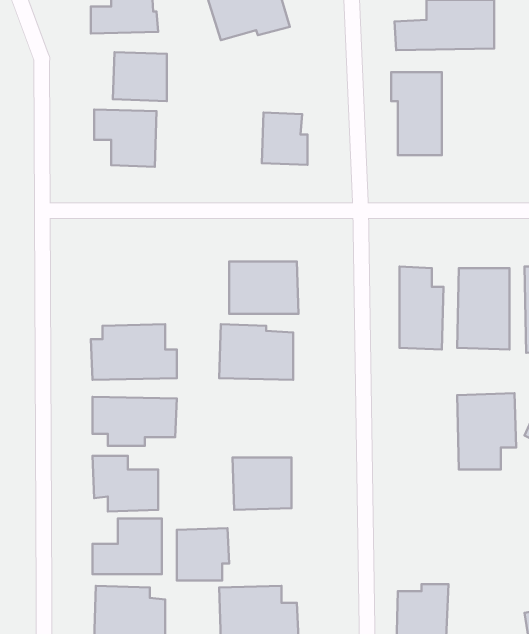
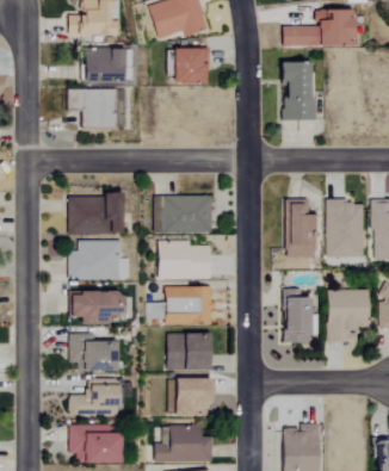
building: [262,112,307,165] -> [174,47,206,83]
building: none -> [68,194,122,234]
building: none -> [166,286,214,326]
building: none -> [284,290,311,343]
building: [177,528,229,580] -> [174,378,211,415]

